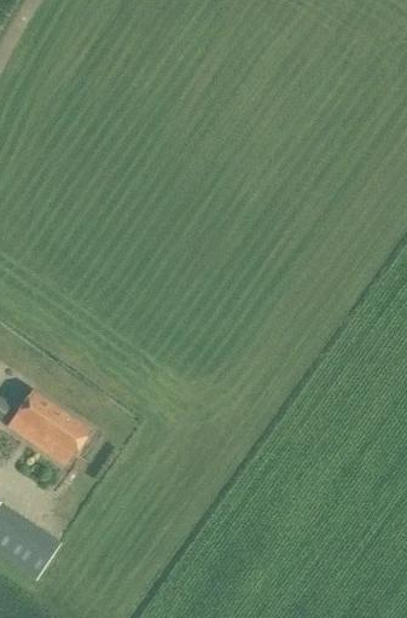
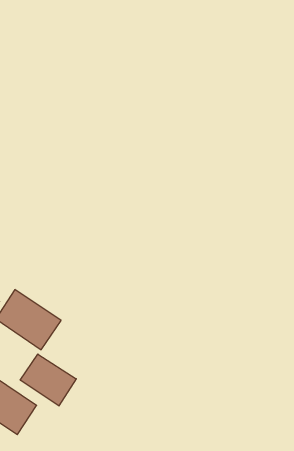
building: none -> [20,354,76,406]

